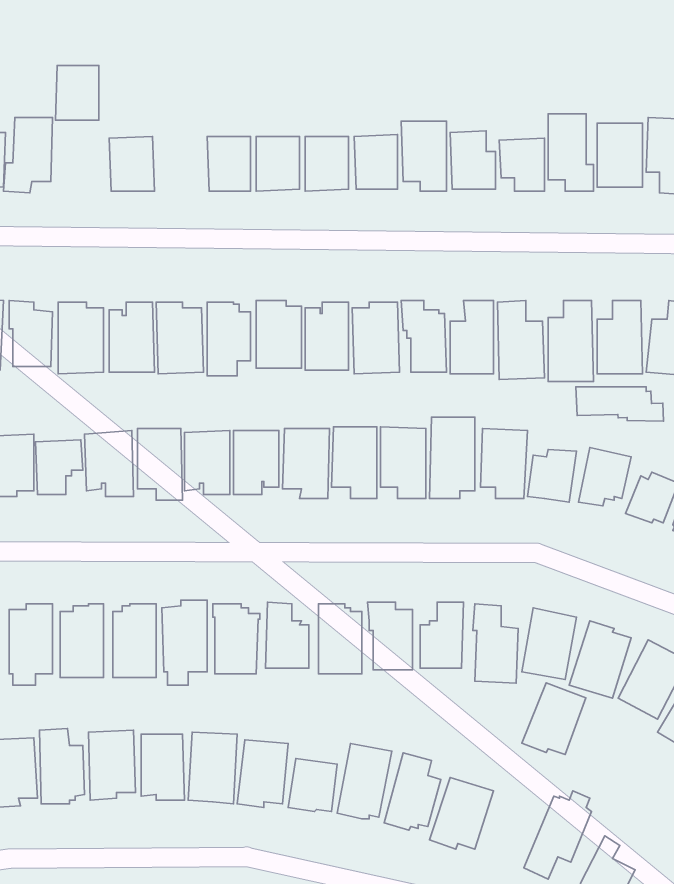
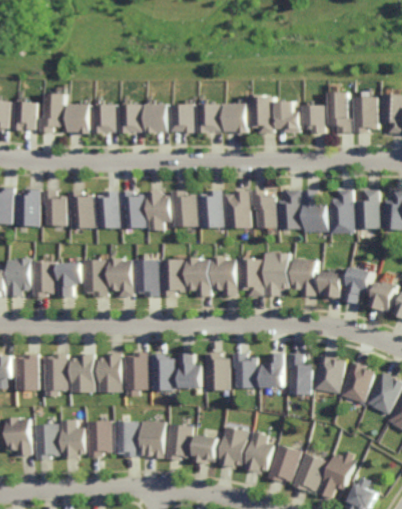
building: [55,66,99,120] -> [70,104,93,133]
building: none -> [122,105,145,133]
building: [576,387,664,421] -> none
building: [522,683,586,754] -> [291,453,325,491]

